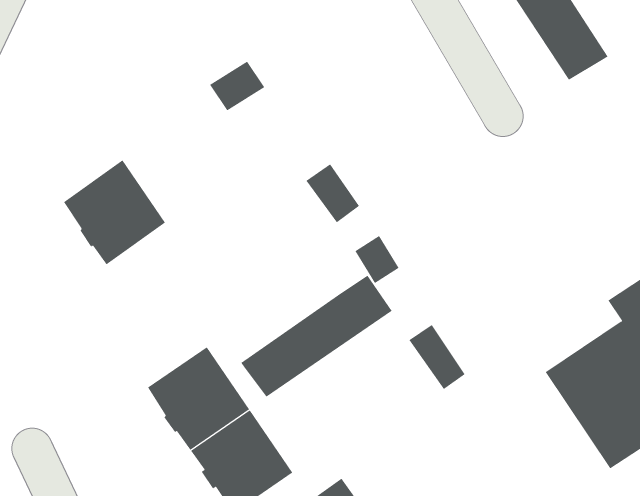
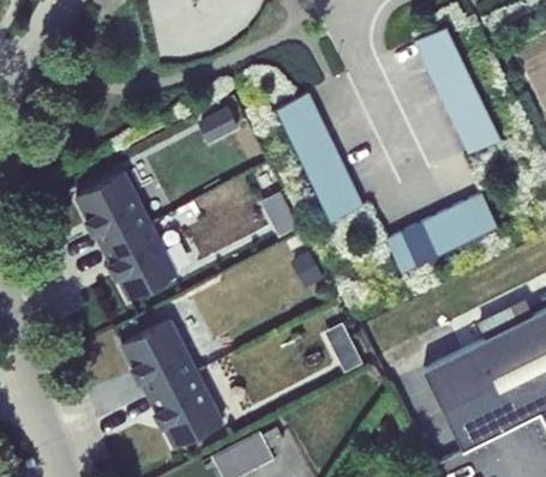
building: none -> [275,91,362,221]
building: none -> [385,193,498,274]
building: none -> [102,222,179,300]
building: [241,275,392,397] -> none

